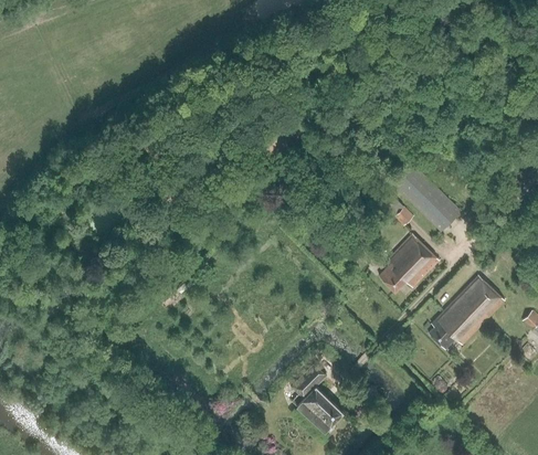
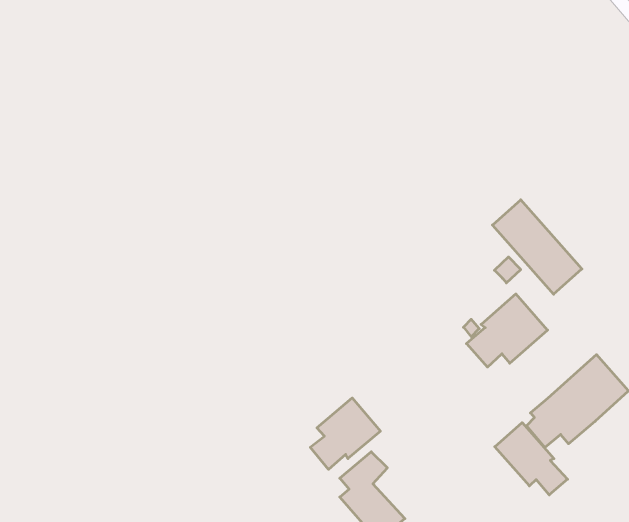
building: none -> [310,398,380,469]
building: none -> [495,423,568,495]

